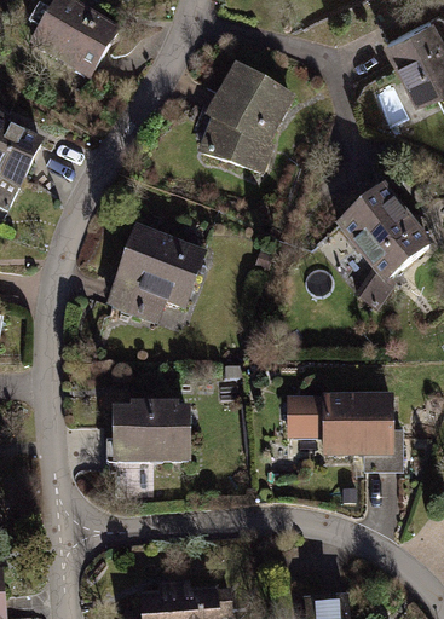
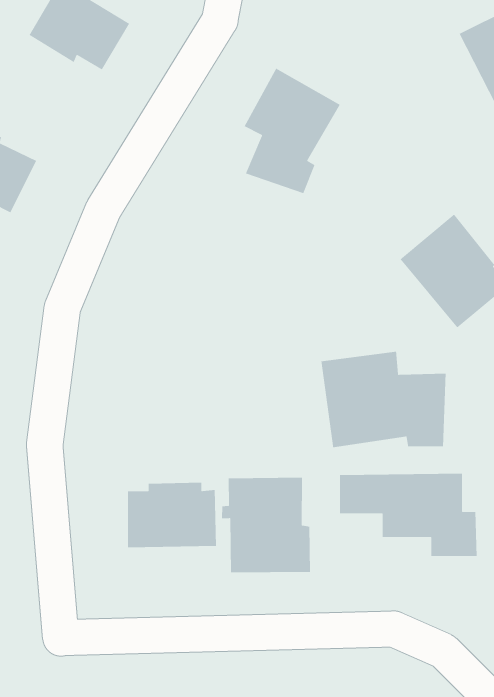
building: [110,228,202,316] -> none
building: none -> [321,351,447,448]
building: none -> [221,477,311,573]

